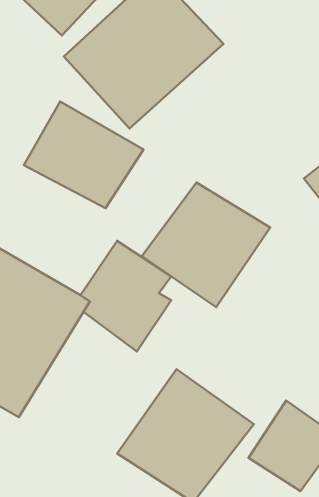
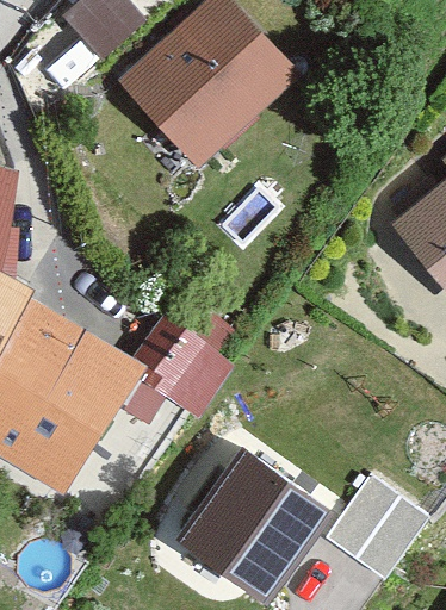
building: [24,102,143,208] -> none
building: [142,182,270,307] -> none

